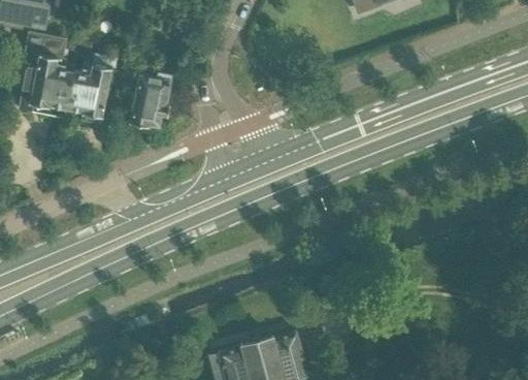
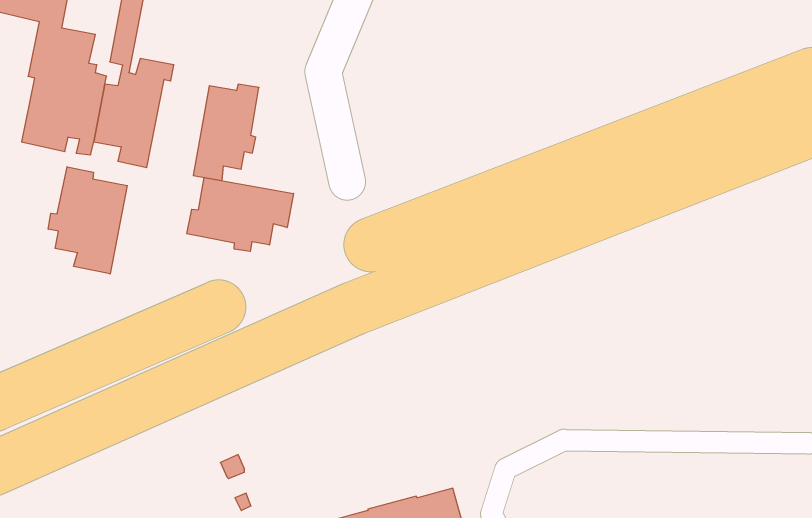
building: none -> [48,167,127,274]
building: none -> [187,177,294,251]

